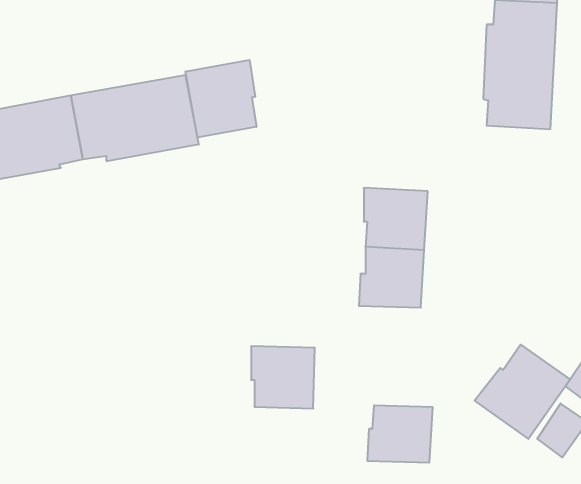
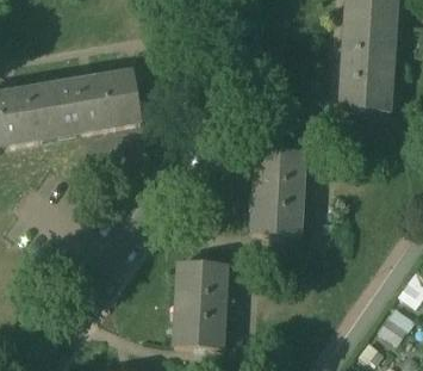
building: [186,60,256,138] -> none
building: [475,345,570,439] -> none
building: [367,405,433,463] -> [176,304,223,345]

